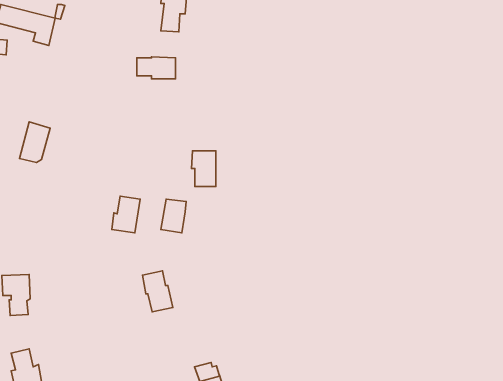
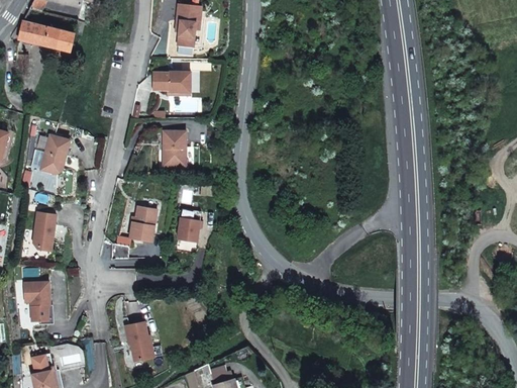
building: [192,151,216,186] -> [162,131,185,166]
building: none -> [32,212,56,251]
building: [143,271,173,312] -> [124,321,153,361]

